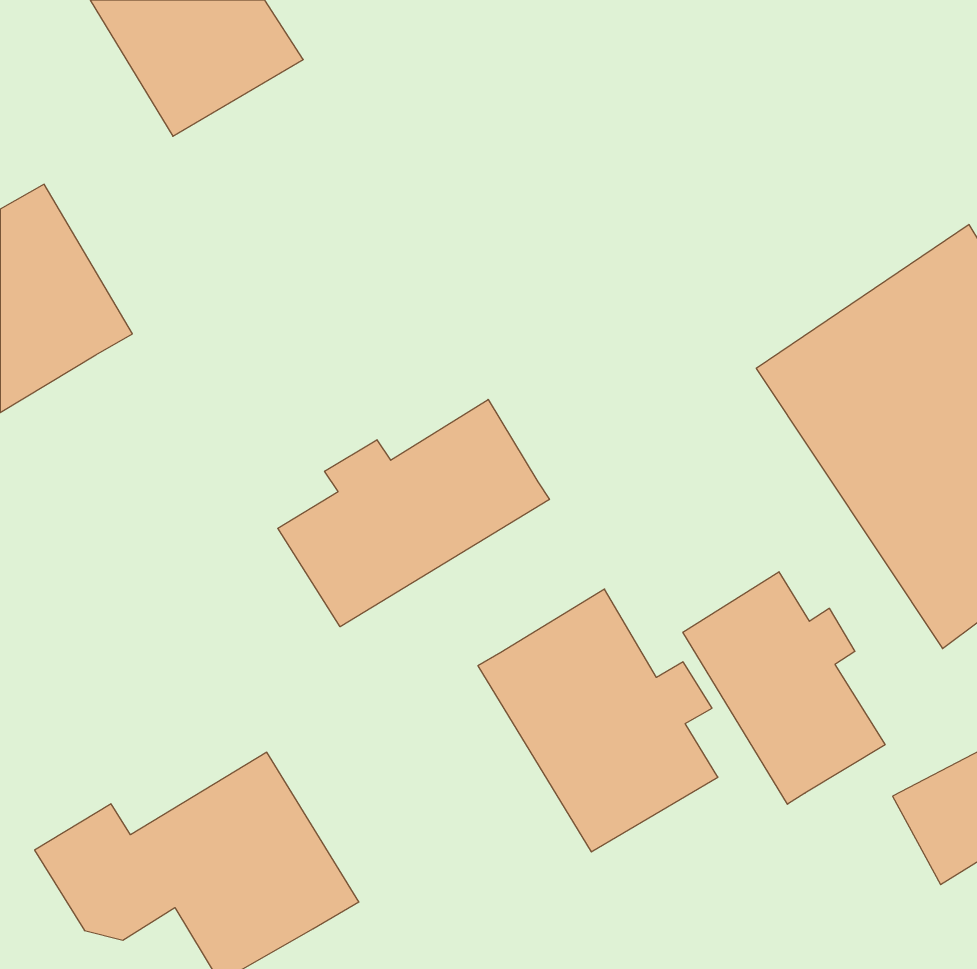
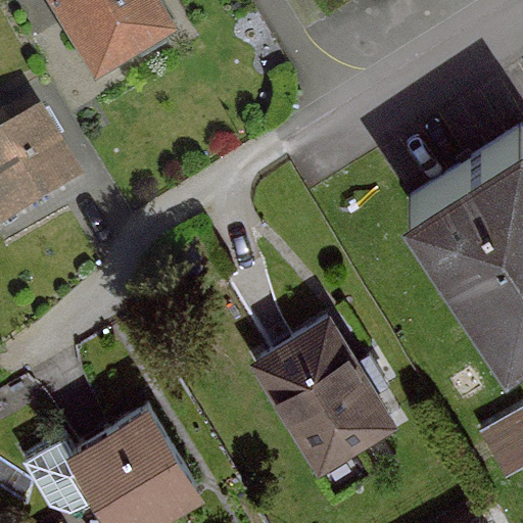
building: [278,399,549,627] -> none
building: [683,572,885,804] -> none

